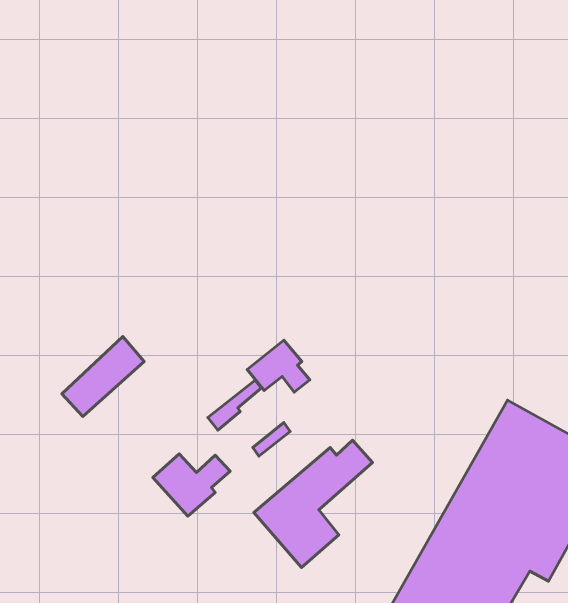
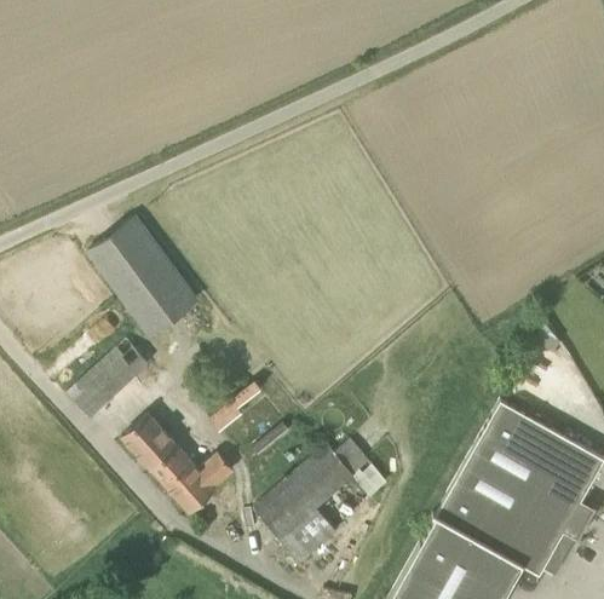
building: none -> [90,219,194,335]
building: [247,340,310,392] -> none
building: none -> [122,416,182,476]

